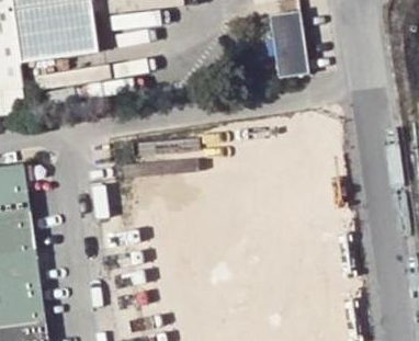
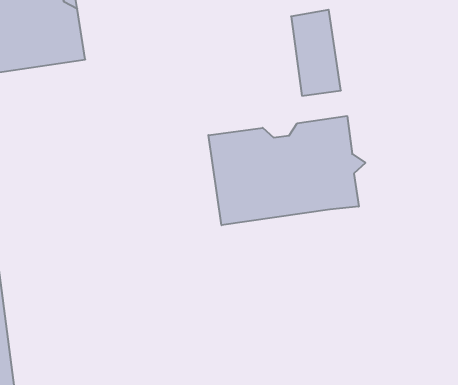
building: none -> [208,116,365,225]

